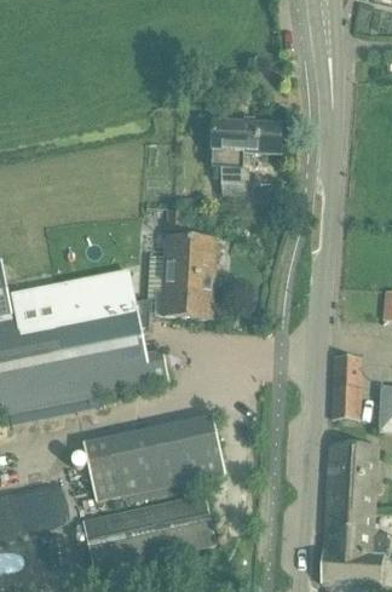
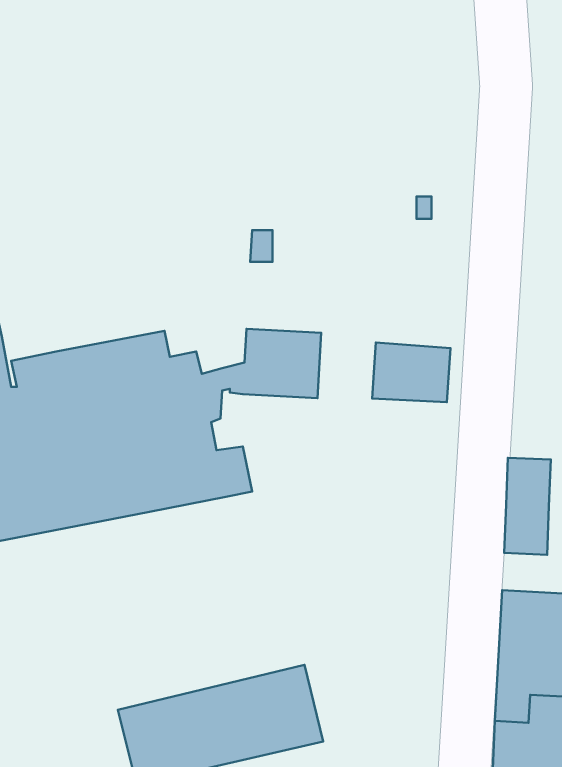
building: [213,123,281,194] -> none
building: [165,237,215,276] -> [372,343,450,402]
building: [80,414,223,500] -> none

